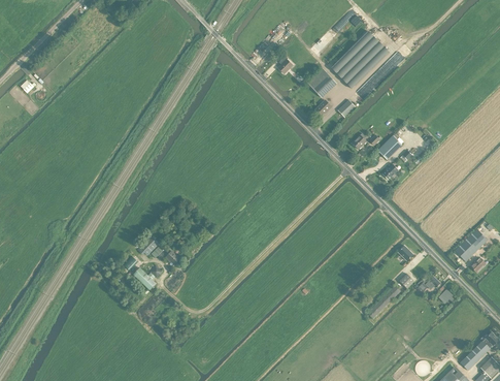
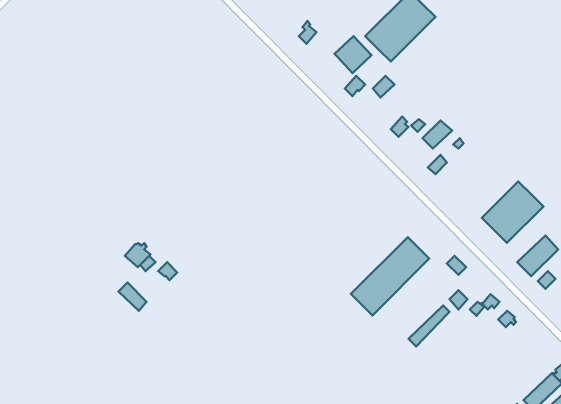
building: none -> [482,181,543,243]
building: none -> [351,237,429,315]

